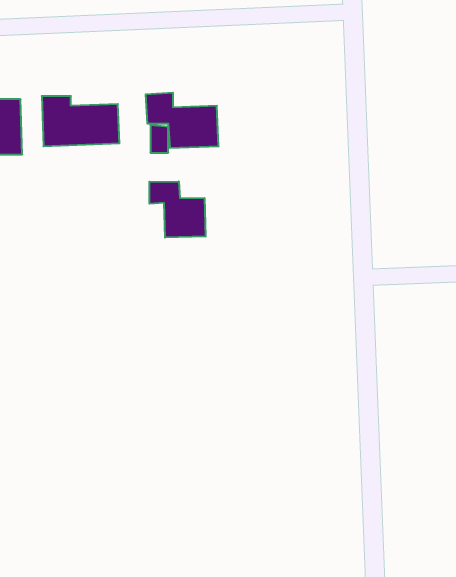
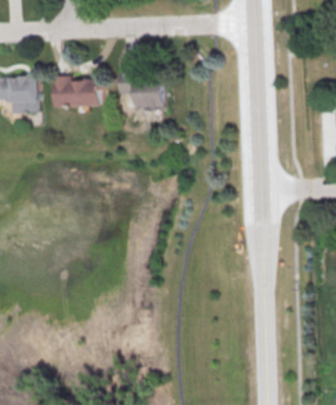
building: [149,181,206,238] -> none

